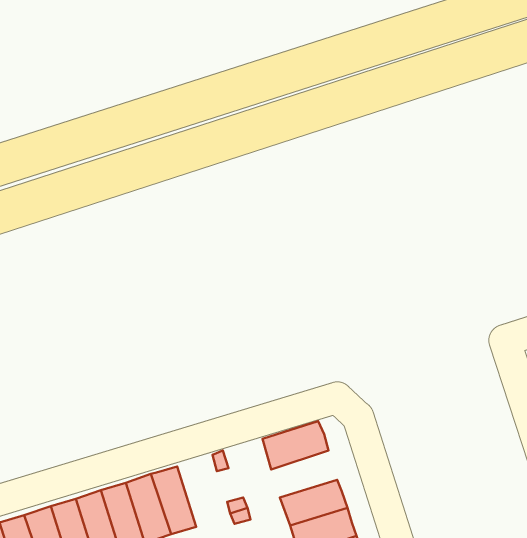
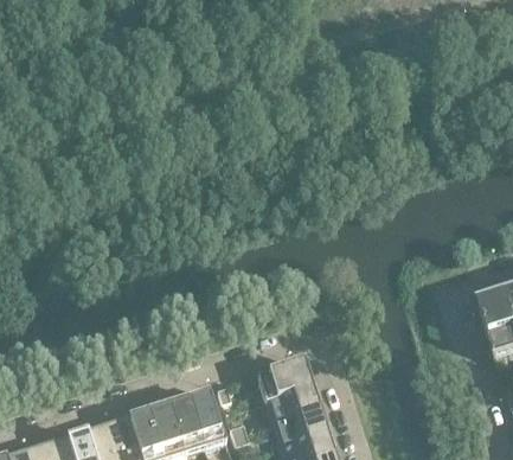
building: none -> [265,384,319,422]
building: none -> [190,390,226,446]

